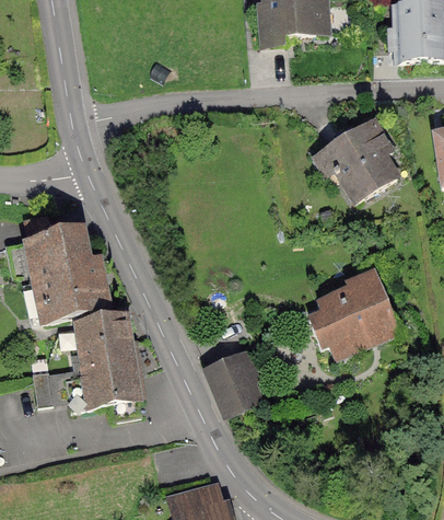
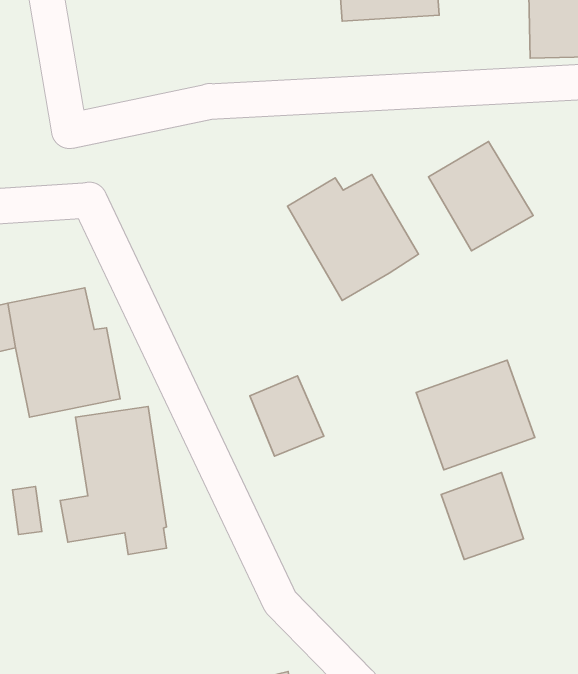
building: none -> [287,175,418,300]
building: [205,353,257,409] -> [250,376,324,456]
building: none -> [441,473,524,560]

